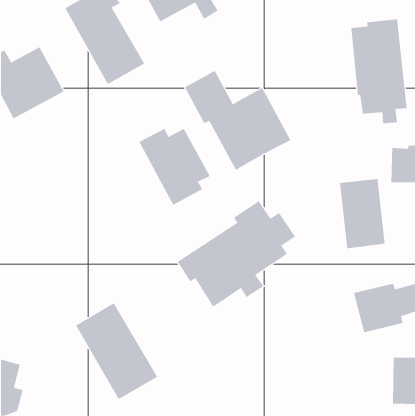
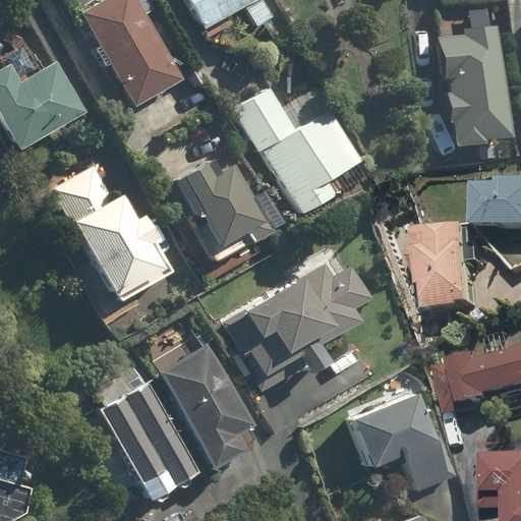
building: none -> [53,163,171,301]
building: none -> [155,339,255,468]
building: none -> [347,395,449,491]

